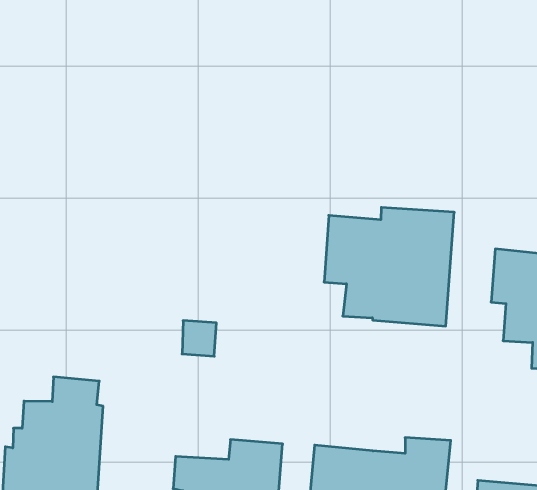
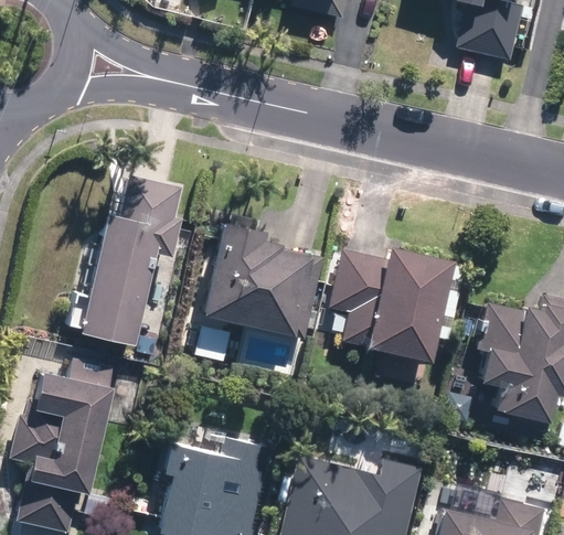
building: none -> [70,176,182,347]
building: none -> [205,225,323,340]

